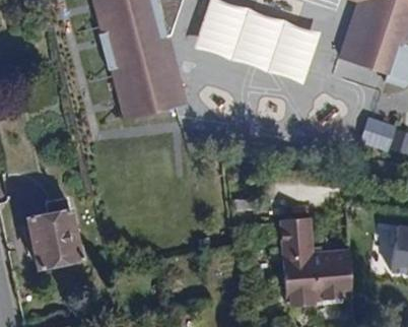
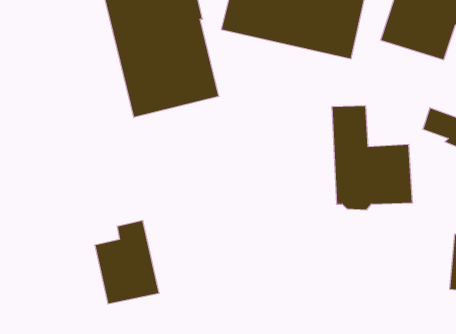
building: [25,195,81,267] -> [95,221,159,304]
building: [283,214,353,305] -> [332,106,413,210]

